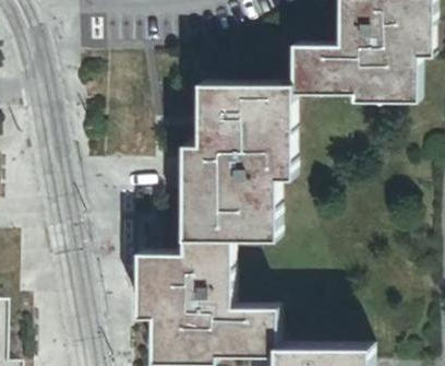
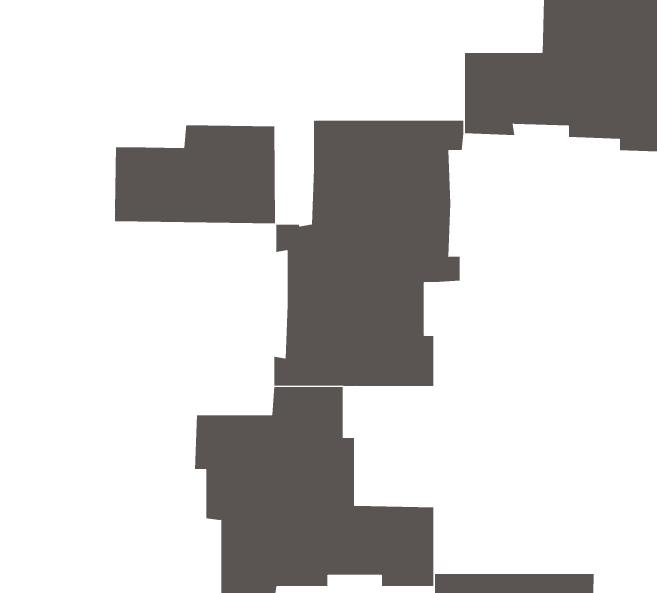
building: none -> [114,125,275,224]

